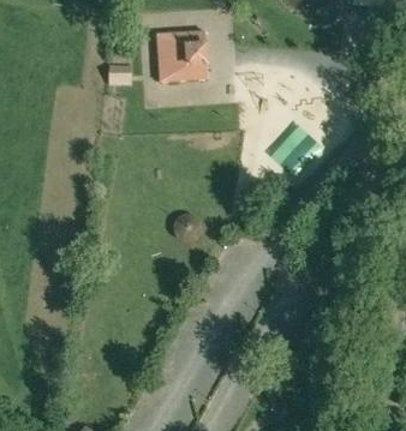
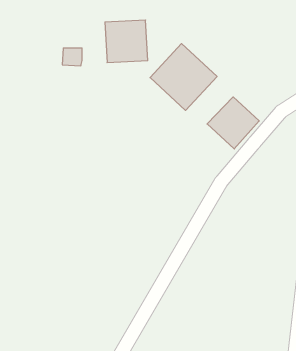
building: none -> [150,44,217,110]

